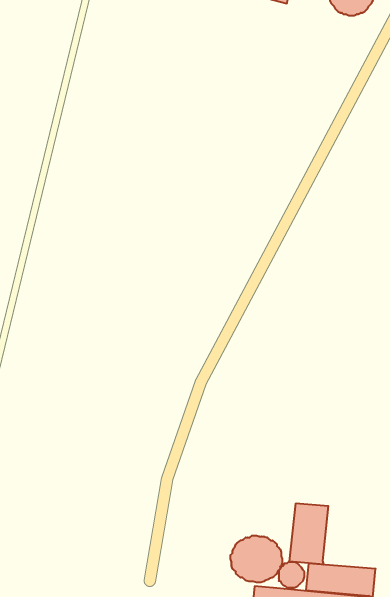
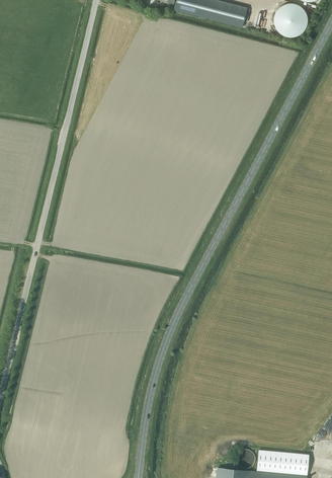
building: [289,503,328,565] -> none
building: [230,536,282,582] -> none

